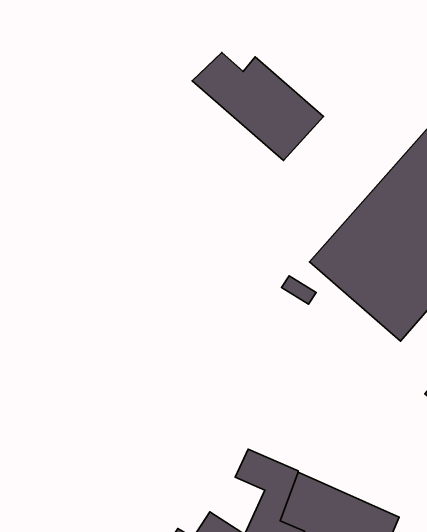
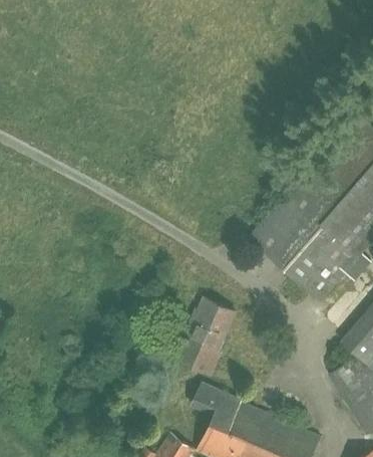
building: [192,52,323,160] -> none
building: none -> [179,298,236,365]

